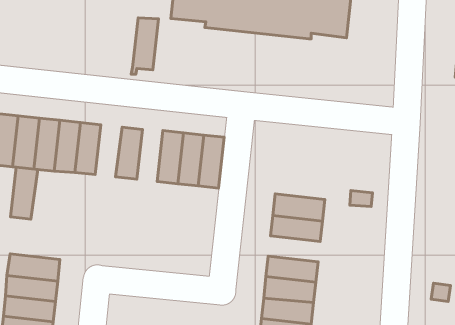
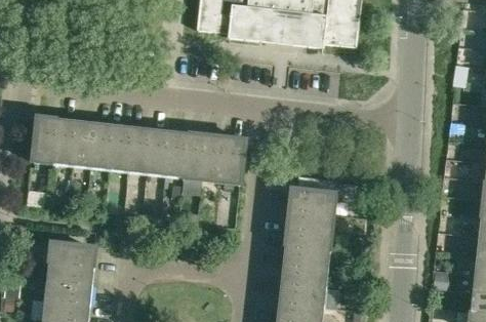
building: [131,18,158,74] -> [164,130,189,182]
building: [11,167,38,219] -> [127,126,152,173]
building: none -> [284,227,331,250]

